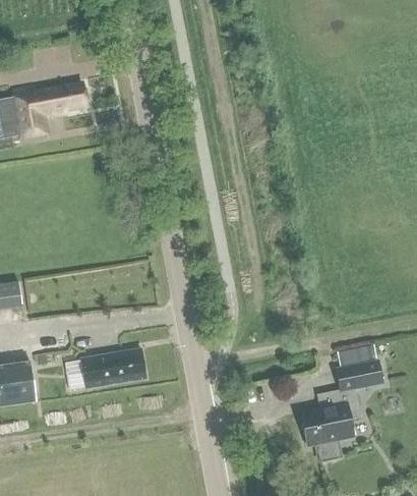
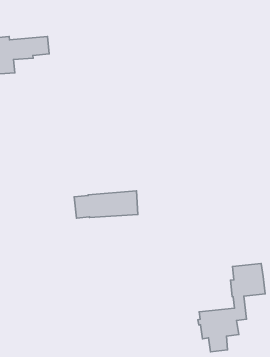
building: [64,348,145,389] -> [74,191,138,218]

